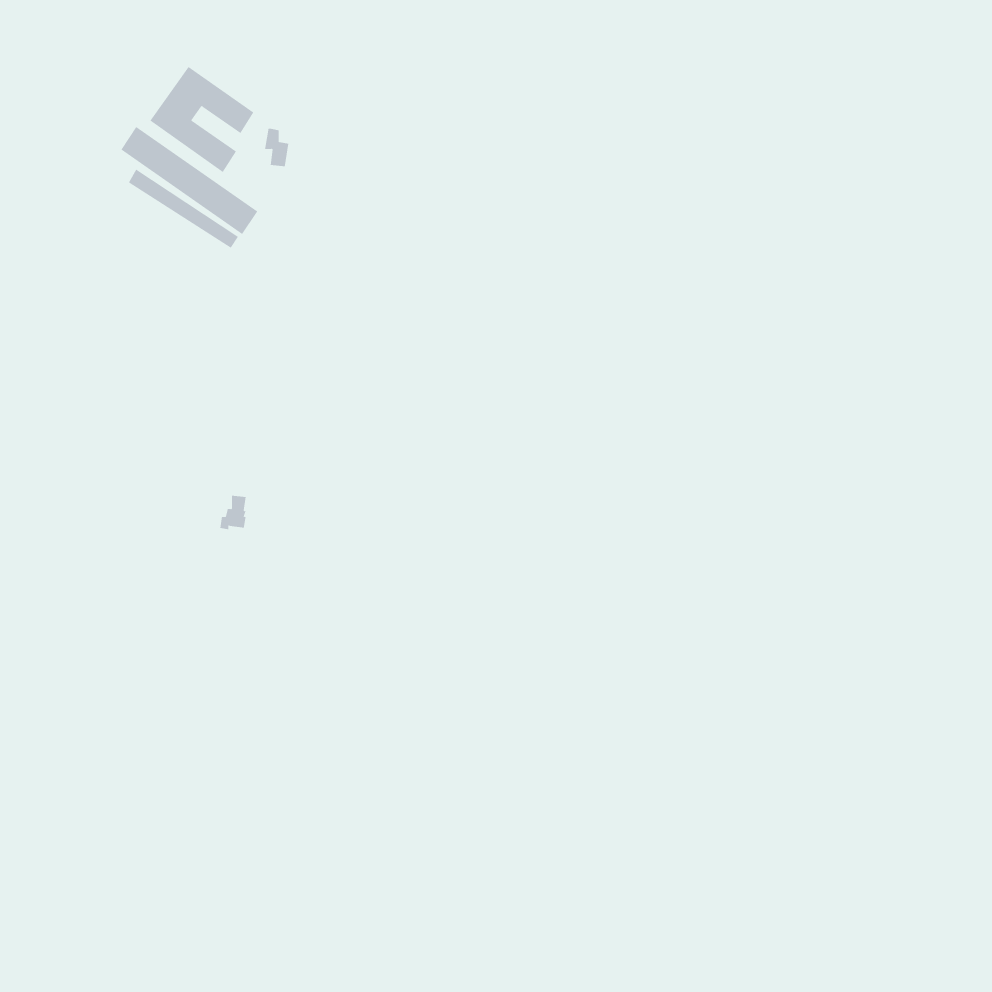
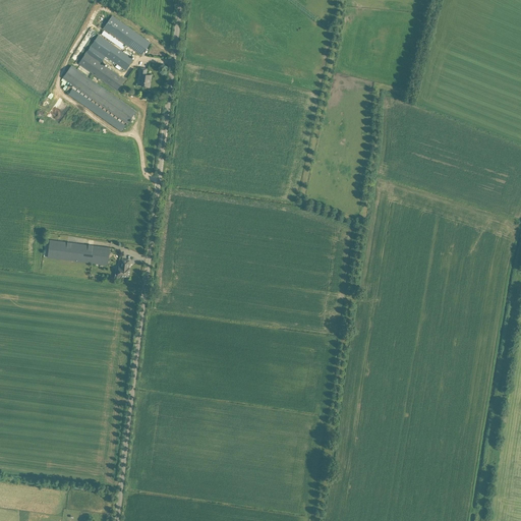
building: none -> [103,15,150,55]
building: none -> [48,240,110,265]

